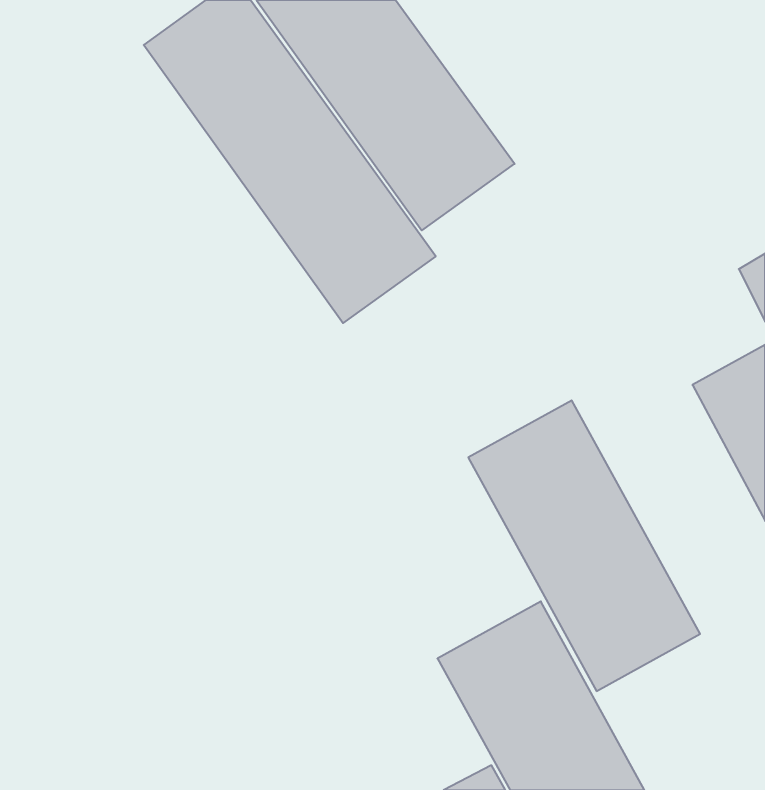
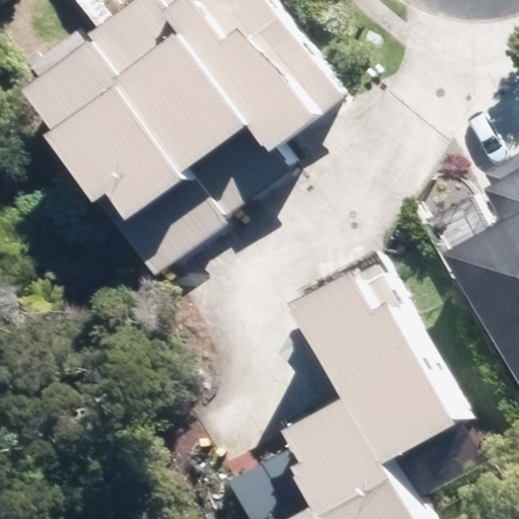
building: none -> [32,41,224,266]

